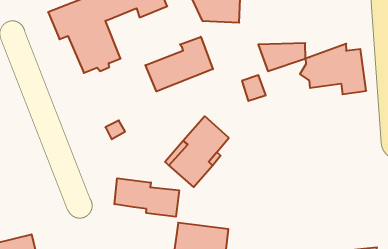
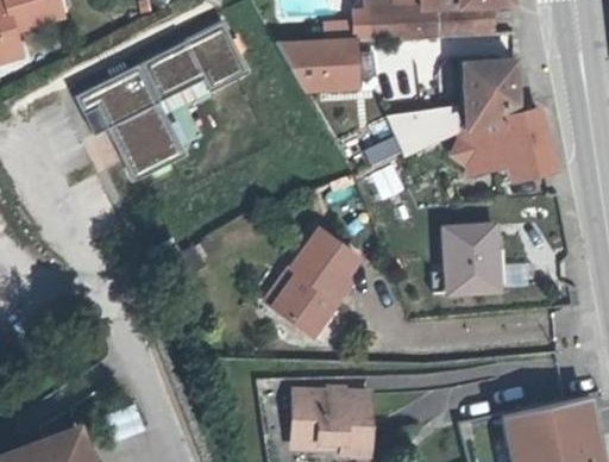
building: none -> [463,58,519,127]
building: [145,37,213,91] -> none
building: none -> [445,225,498,292]
building: [114,178,179,217] -> none

